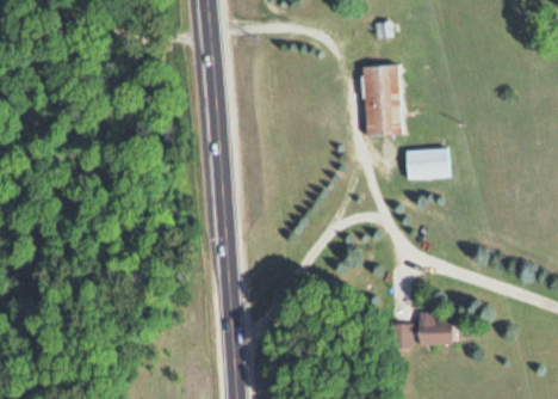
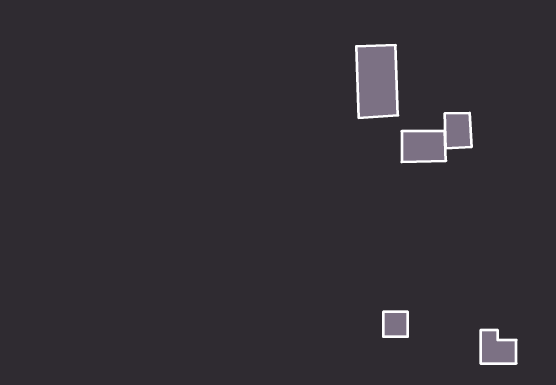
building: none -> [445,113,471,148]
building: [418,313,453,345] -> [481,330,516,363]

